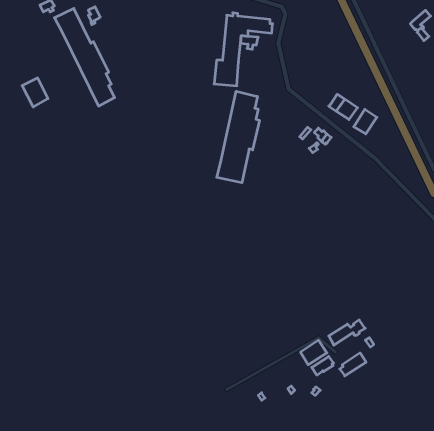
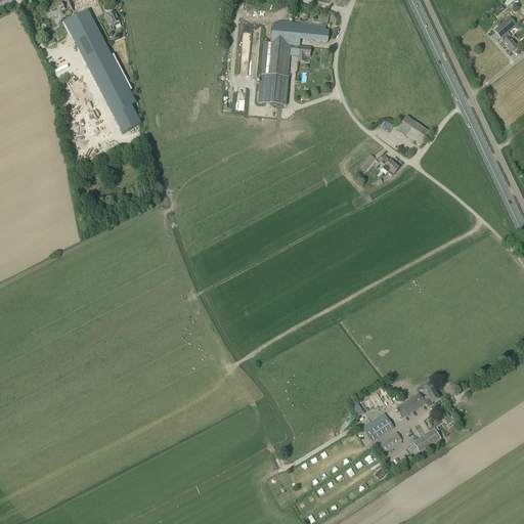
building: [22,78,48,107] -> none
building: [217,91,259,183] -> none
building: [354,109,377,134] -> none

